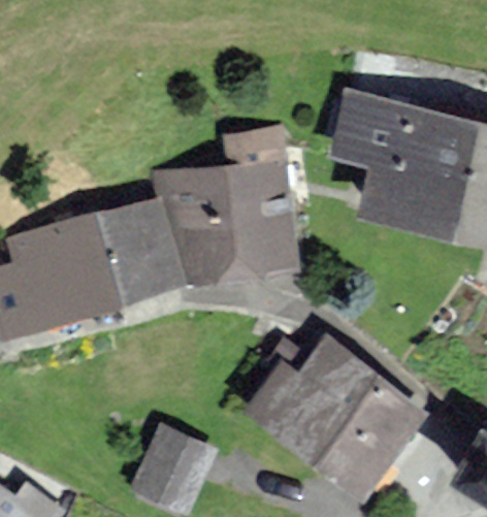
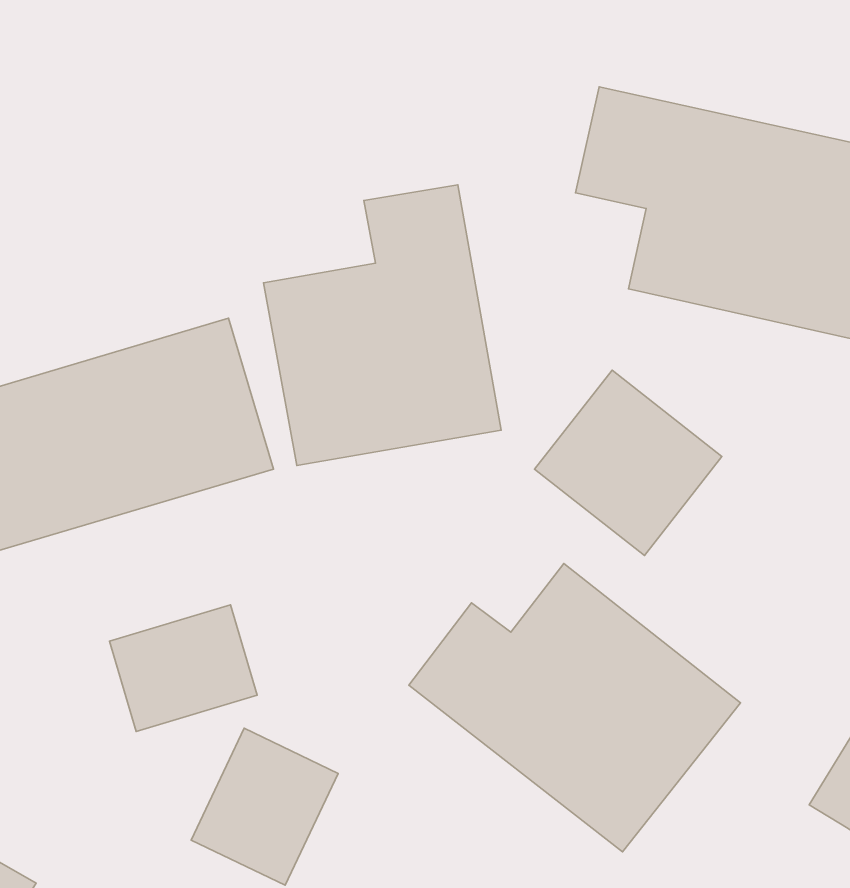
building: none -> [535,370,722,556]
building: none -> [109,605,257,731]

